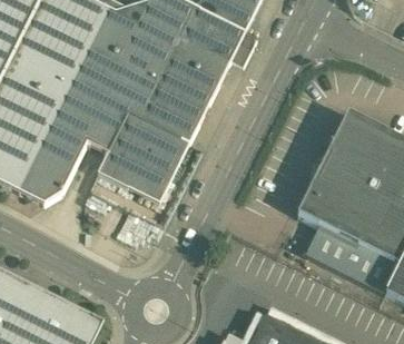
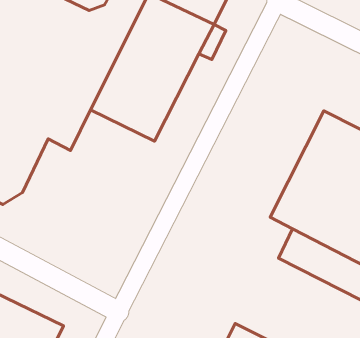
building: [97,110,188,200] -> none

